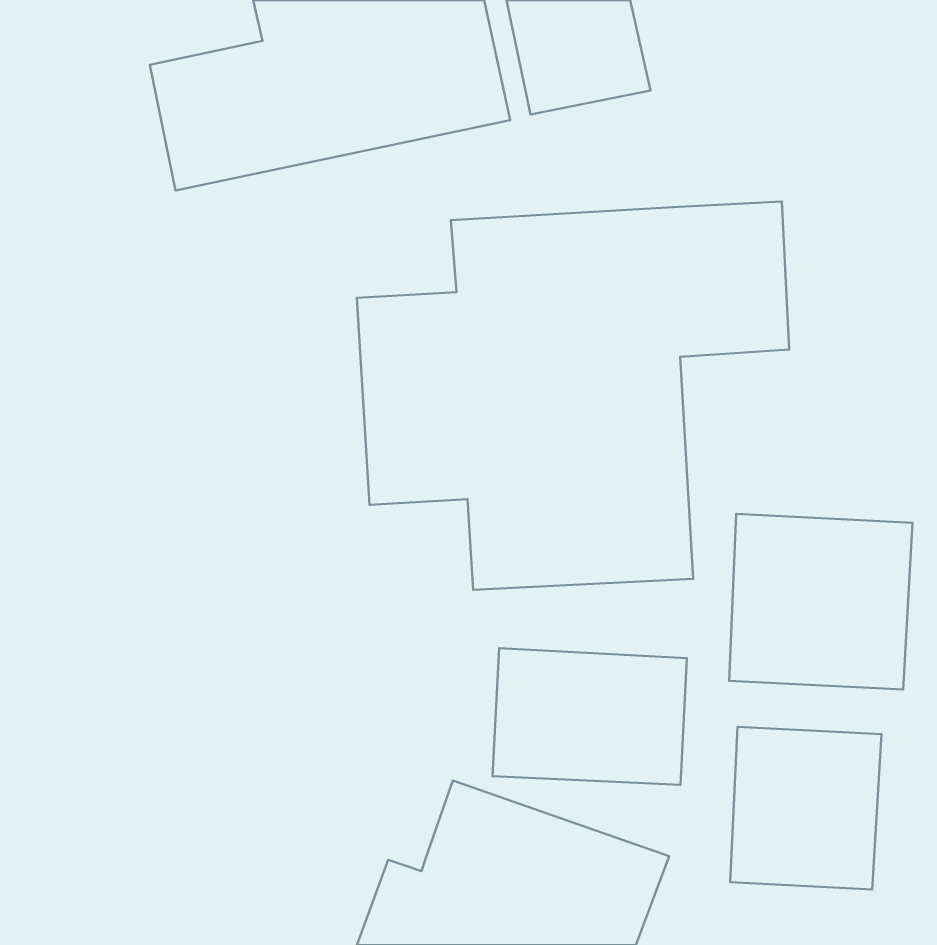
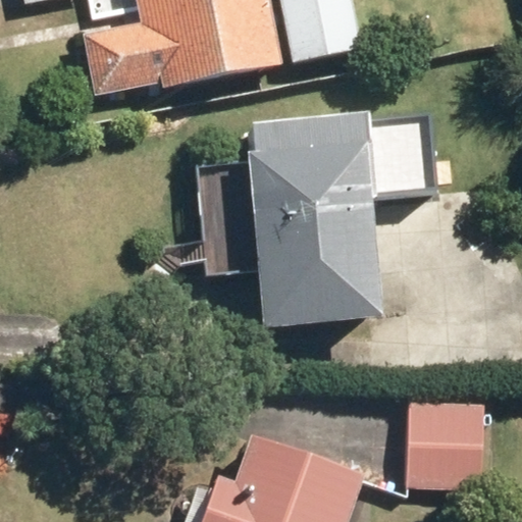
building: [729,514,912,690] -> none
building: [493,648,687,785] -> none

